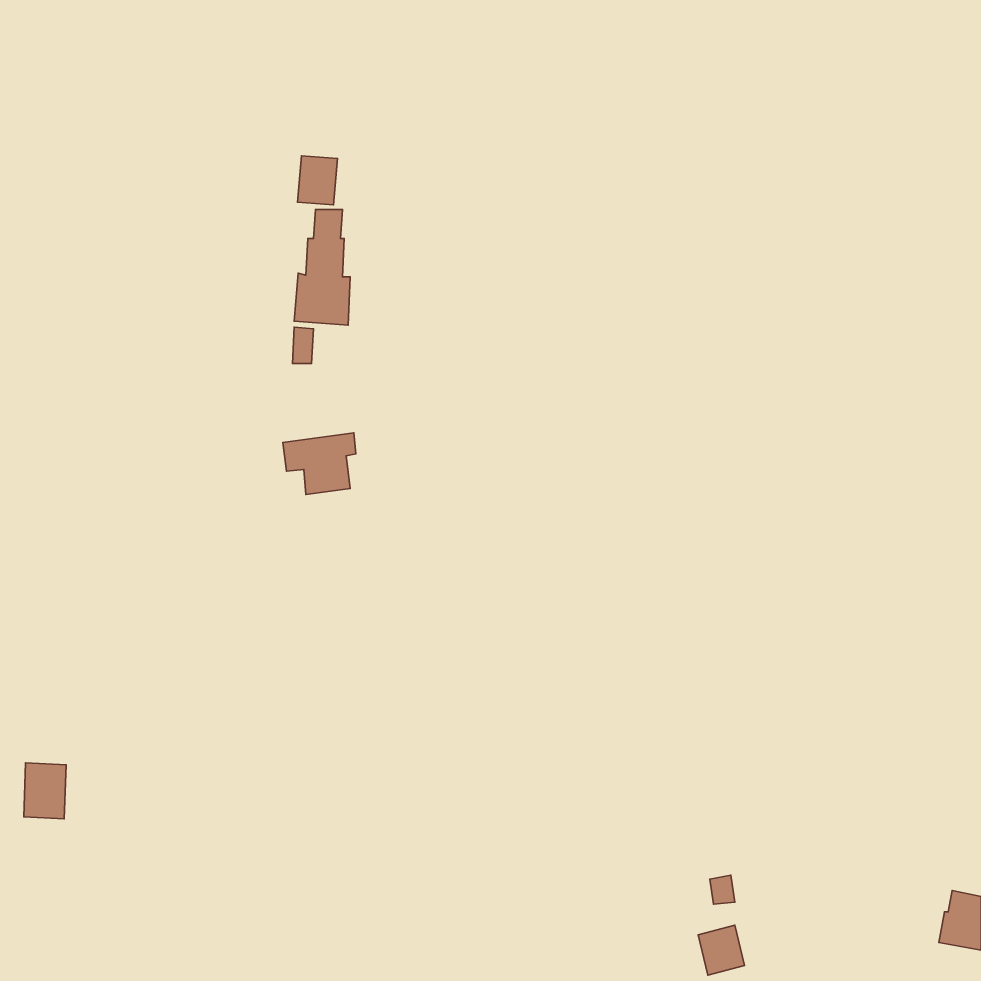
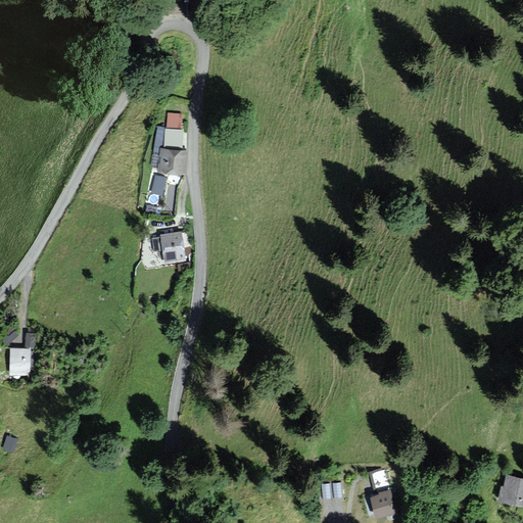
building: [298,156,338,205] -> none
building: [24,763,66,819] -> [7,346,30,376]

